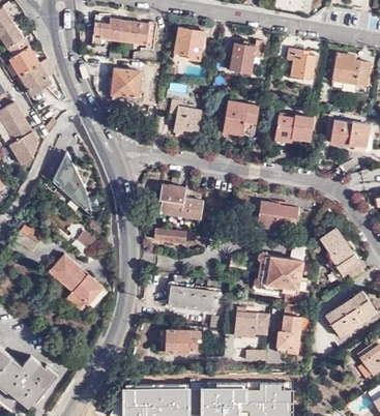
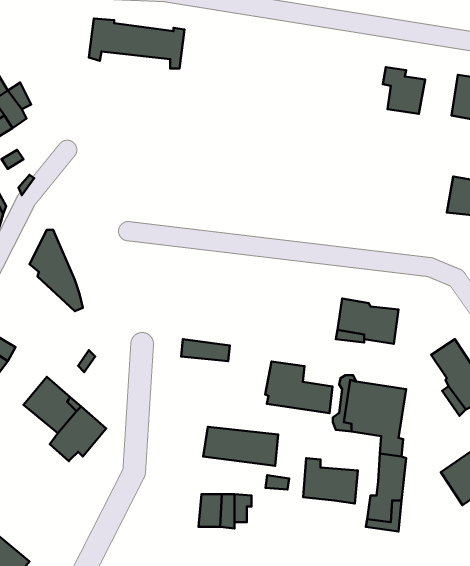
building: [174,28,203,61] -> none
building: [229,41,262,73] -> none
building: [111,69,139,97] -> none
building: [167,99,200,138] -> none
building: [222,101,257,137] -> none
building: [273,116,313,142] -> none
building: [157,185,202,219] -> [265,362,332,413]

